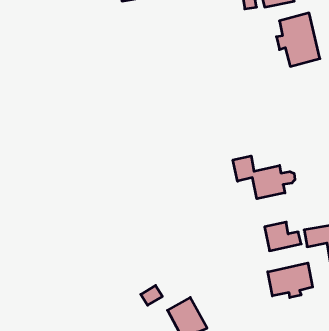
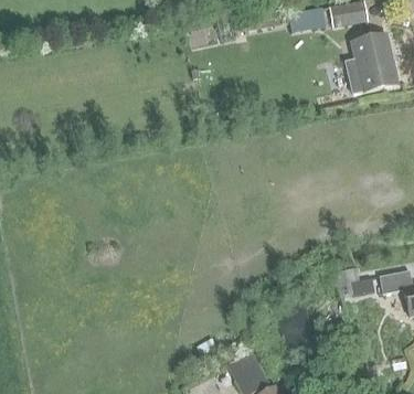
building: [233,156,295,199] -> none
building: [268,263,313,298] -> none

